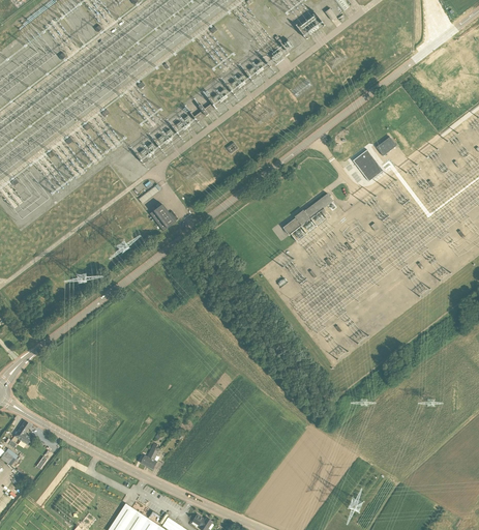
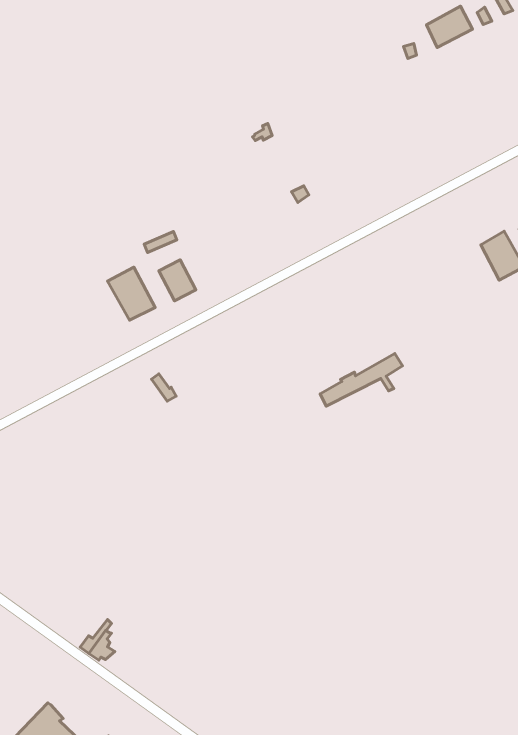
building: [282,194,332,235] -> [320,353,402,406]
building: none -> [108,267,155,320]

